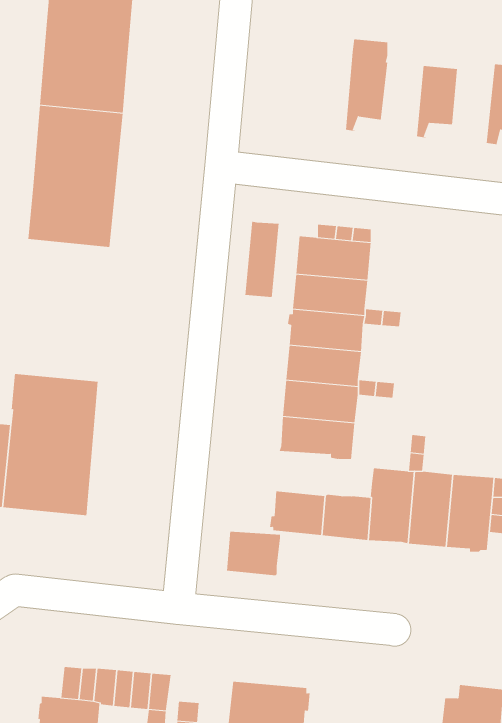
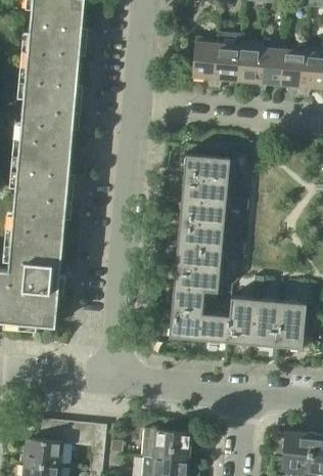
building: none -> [193,38,219,88]
building: none -> [237,42,263,92]
building: none -> [281,47,307,96]
building: [245,221,279,298] -> none
building: none -> [10,156,70,244]
building: [226,531,281,576] -> [172,287,205,314]

